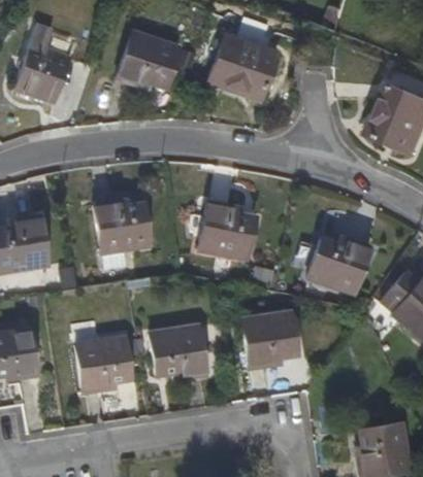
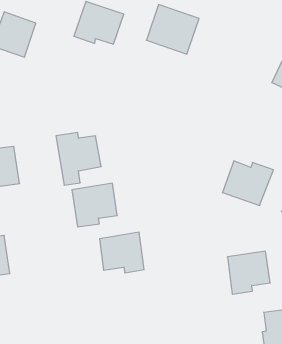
building: [199,202,257,259] -> none
building: [243,313,298,368] -> [227,251,270,294]
building: [76,330,134,385] -> [72,183,117,227]

